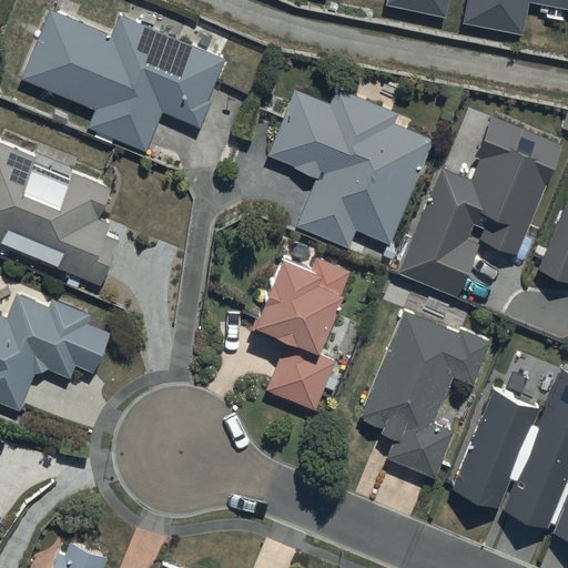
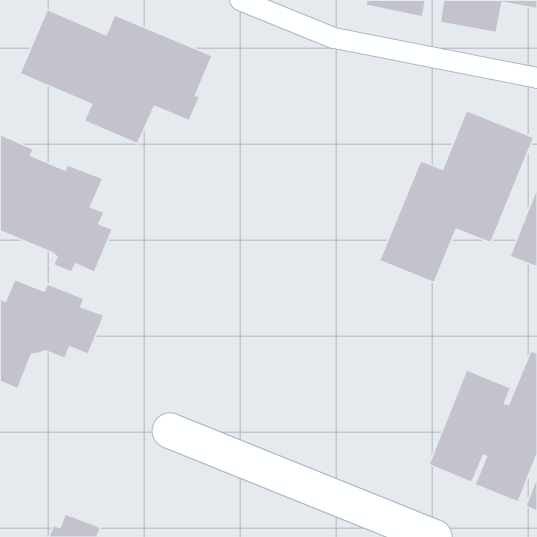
building: [268,88,433,247] -> none
building: [255,260,349,409] -> none
building: [358,313,489,478] -> none

